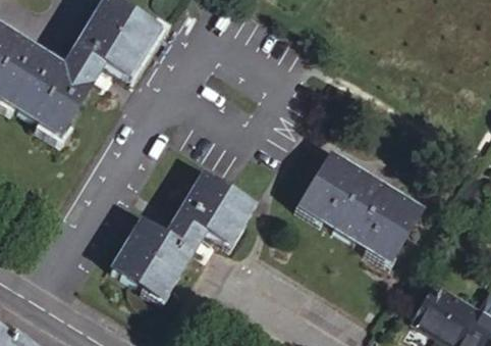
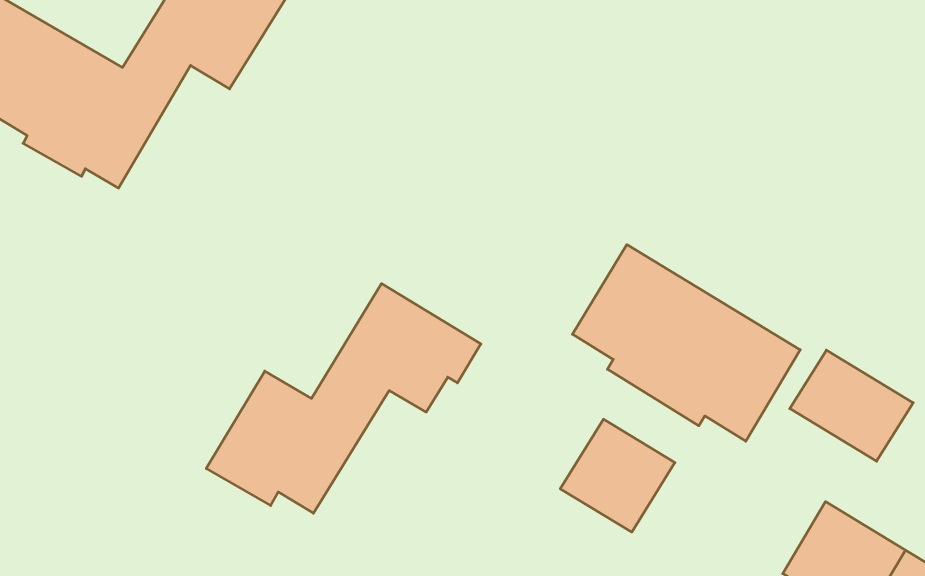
building: none -> [790,350,913,461]
building: none -> [560,419,675,532]

